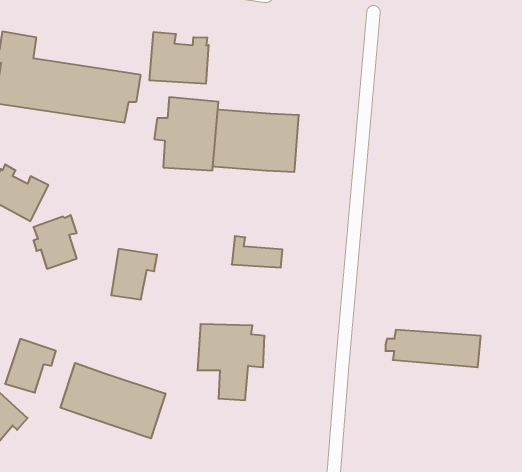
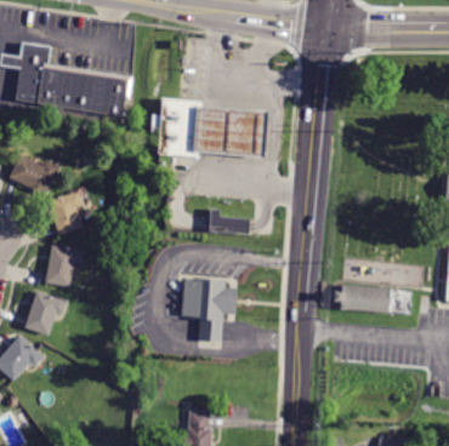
building: [149,32,209,84] -> none
building: [111,249,157,300] -> [45,246,83,287]
building: [61,363,166,438] -> none

